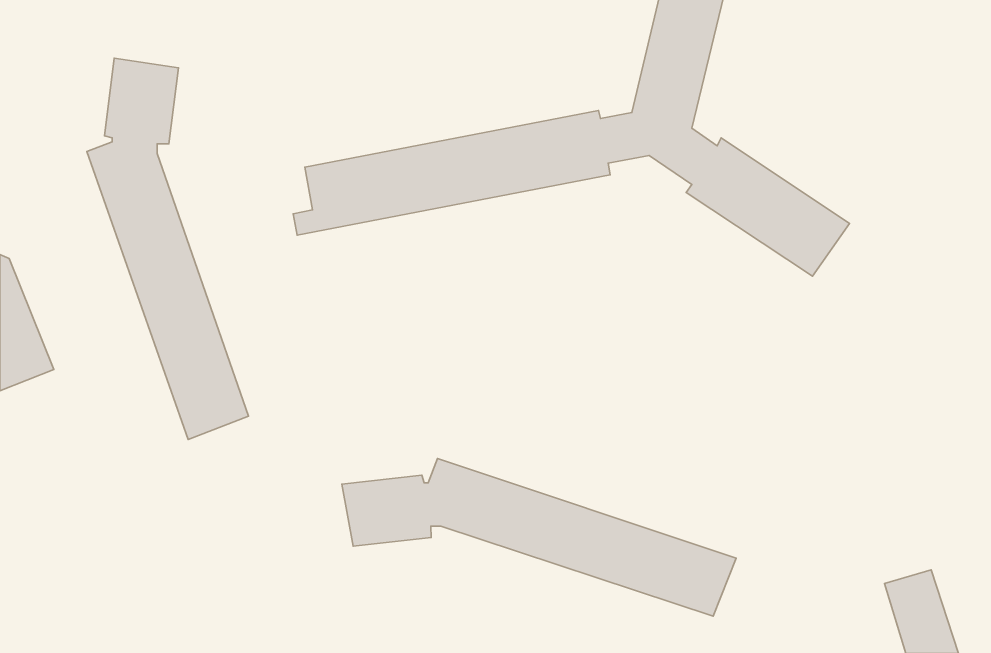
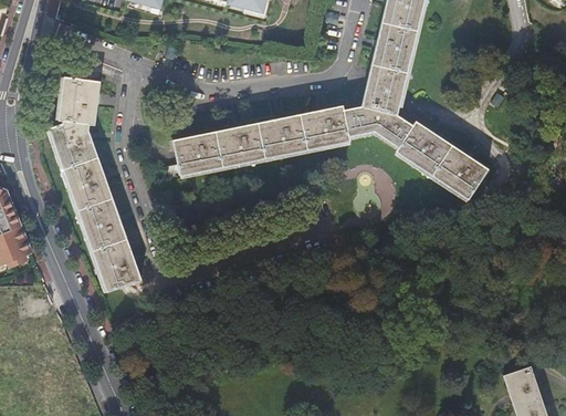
building: [342,458,736,616] -> none

